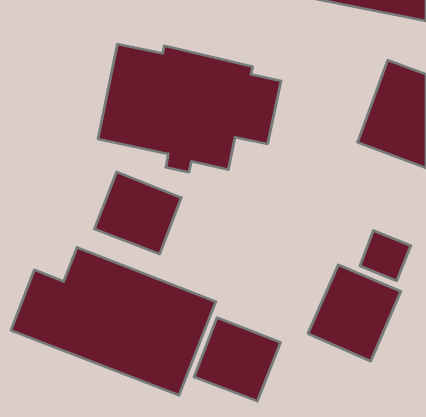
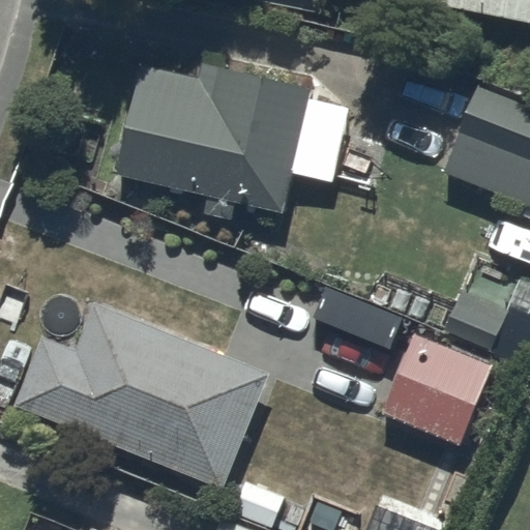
building: [94,172,181,254] -> none
building: [194,318,280,401] -> none

